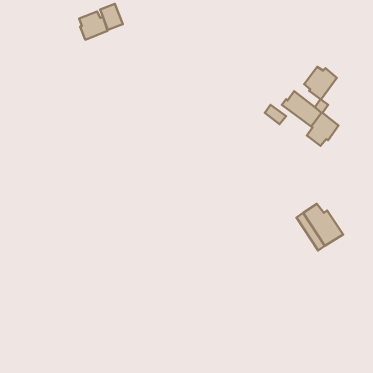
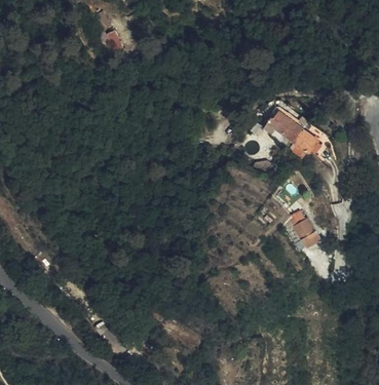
building: [79,11,108,40] -> none
building: [304,67,337,99] -> none

